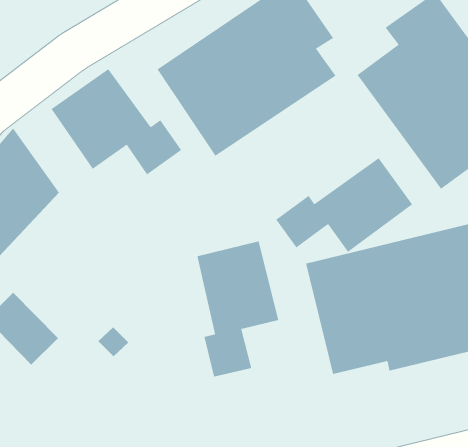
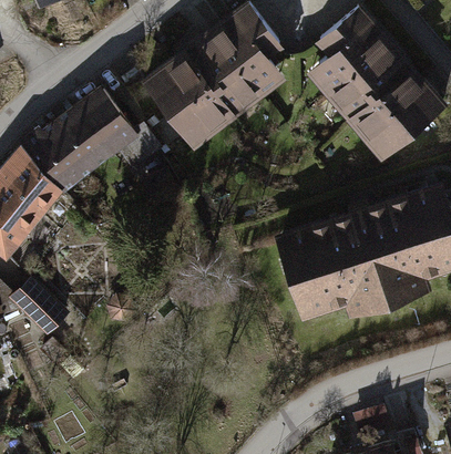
building: none -> [21,120,90,192]
building: [275,157,413,253] -> none
building: [196,241,279,377] -> none

